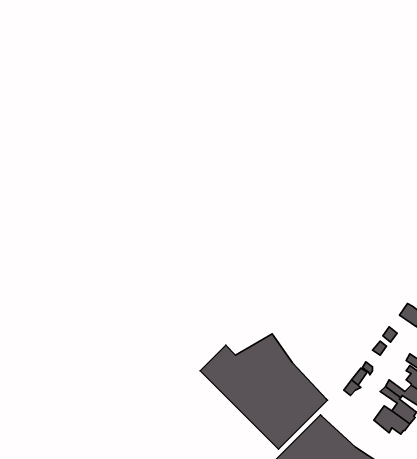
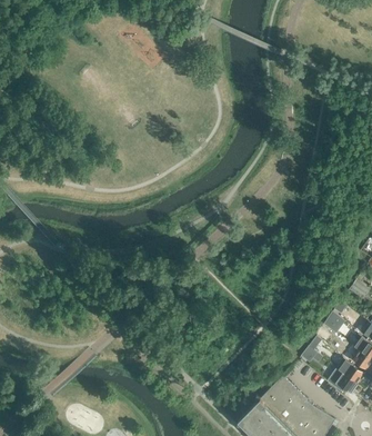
building: [200,334,328,449] -> none

